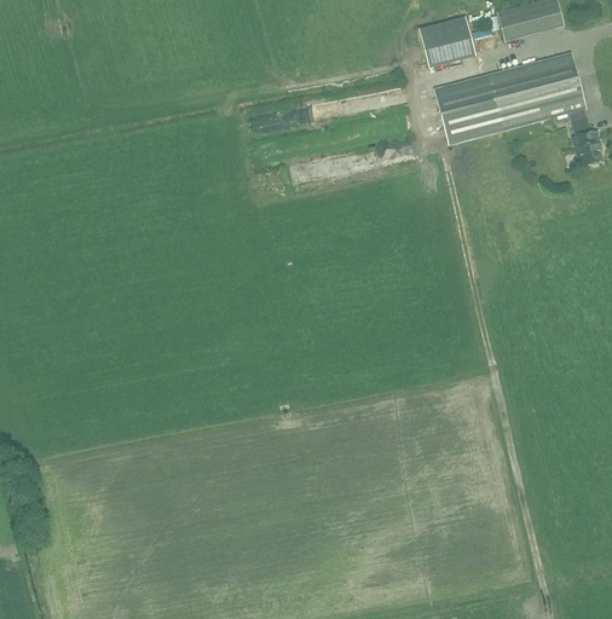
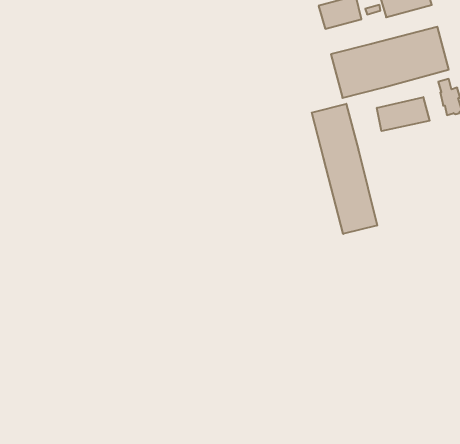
building: none -> [377,97,430,131]
building: none -> [312,104,377,234]

